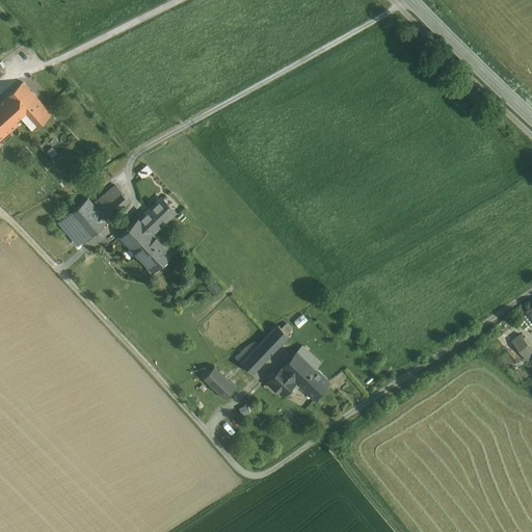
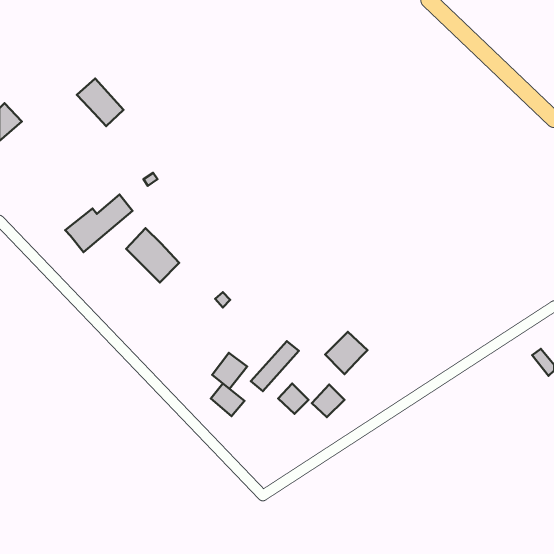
building: [4,84,49,130] -> [77,78,123,126]
building: [139,200,174,234] -> none
building: none -> [212,353,247,389]
building: [280,346,320,387] -> [325,332,367,374]

